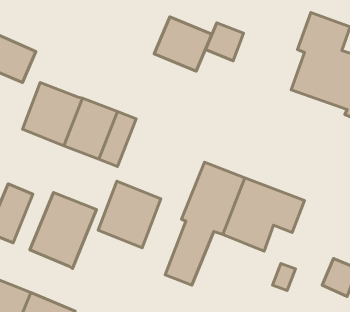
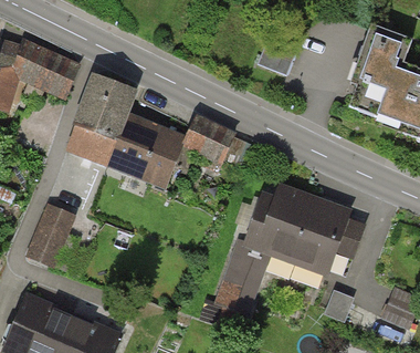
building: [154,17,212,71] -> none
building: none -> [83,65,137,113]
building: none -> [182,115,231,166]
building: [98,181,161,248] -> none
building: [30,192,96,269] -> none

